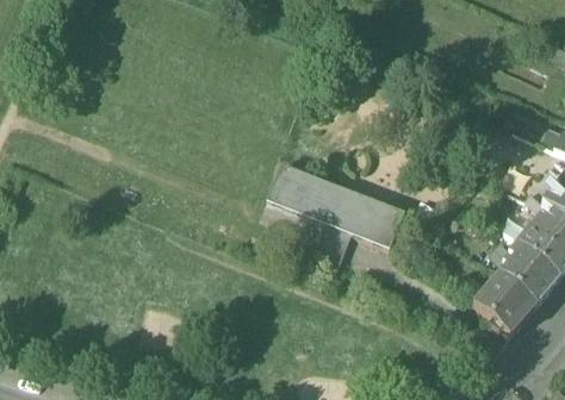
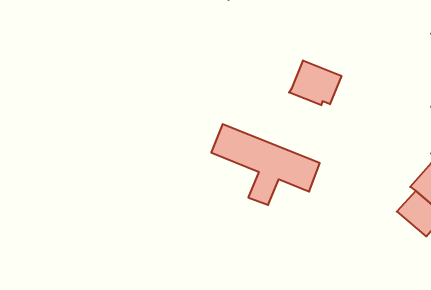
building: none -> [289,60,341,105]
building: [473,271,536,333] -> none

